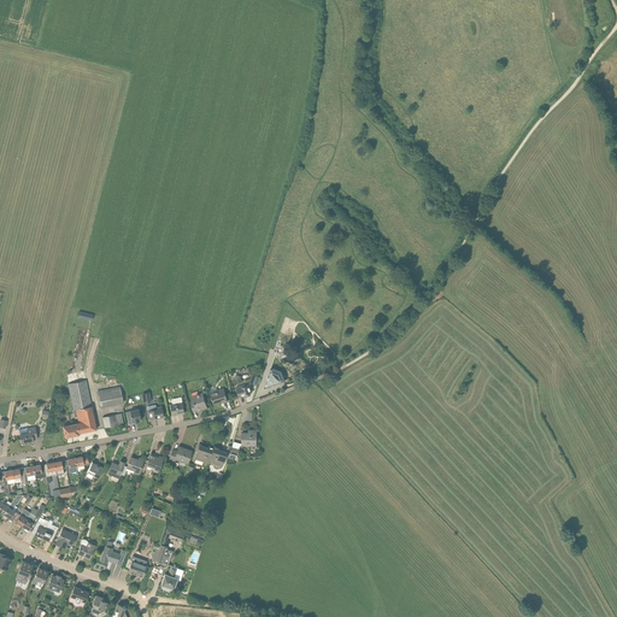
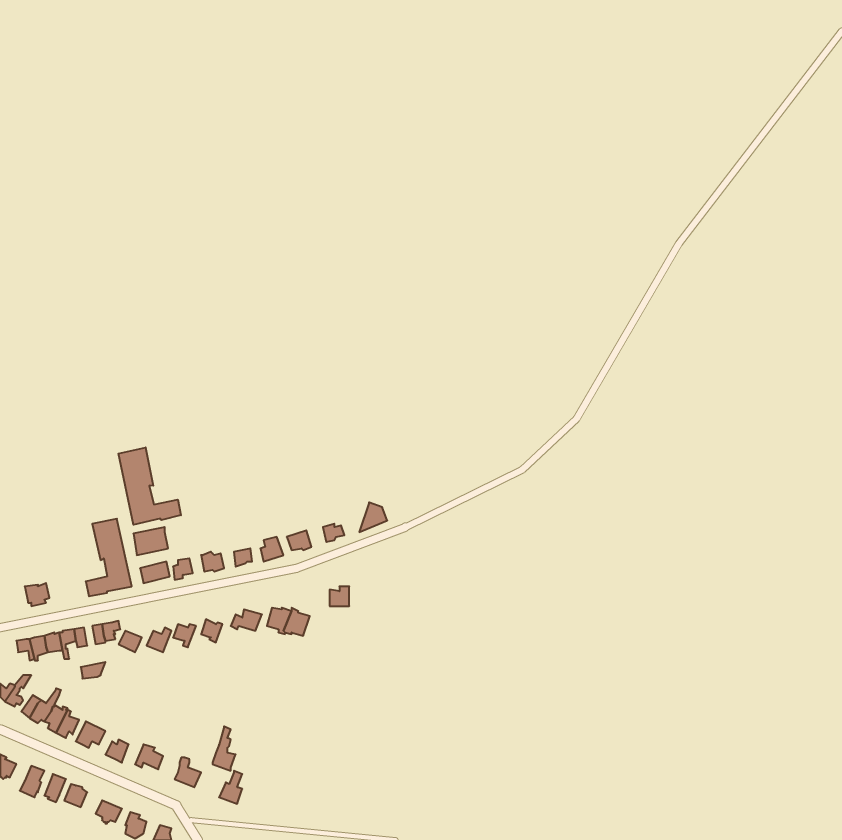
building: none -> [118,447,181,525]

